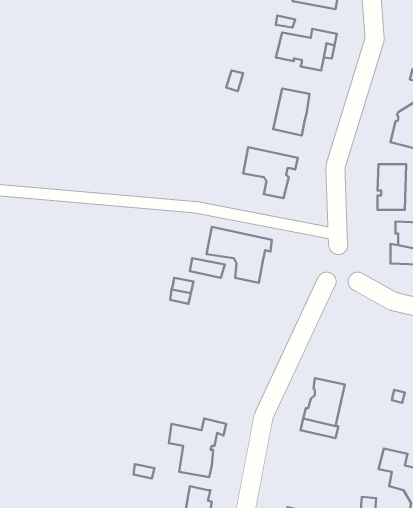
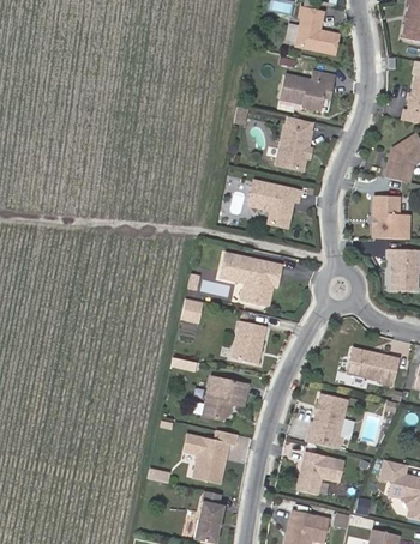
building: none -> [232,321,264,364]
building: none -> [346,347,396,385]
building: none -> [202,377,247,422]
building: none -> [295,453,343,494]

